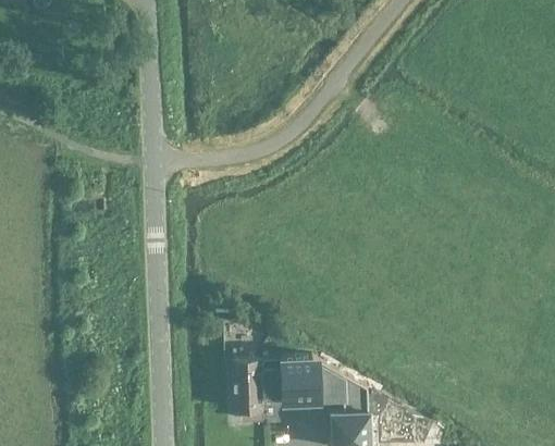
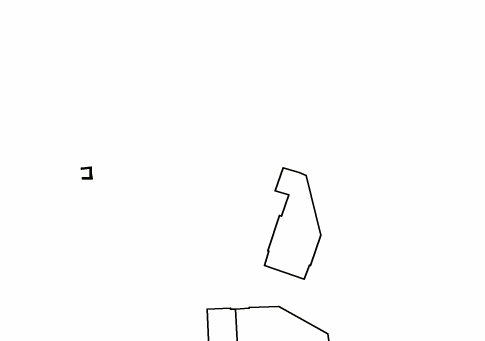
building: none -> [264,168,321,279]

